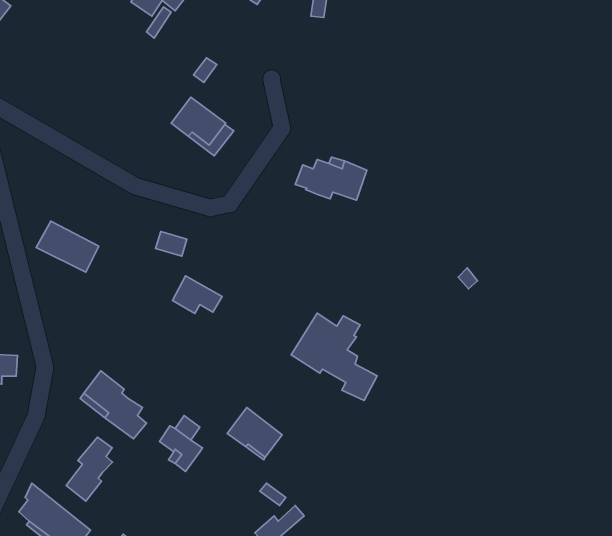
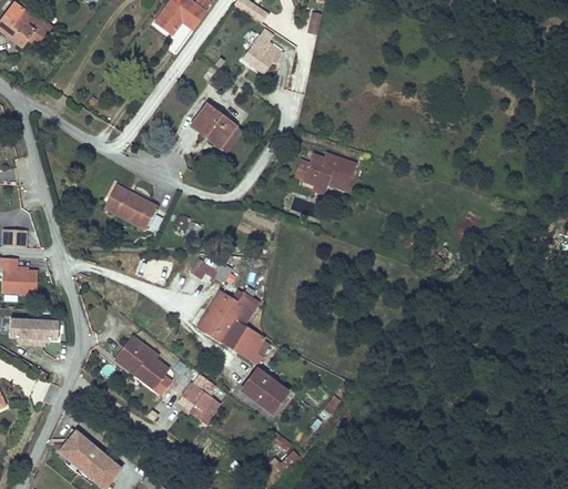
building: none -> [244,42,283,72]
building: [36,221,99,272] -> [104,184,158,227]
building: [291,313,377,401] -> [199,289,272,364]
building: [66,437,113,501] -> none

